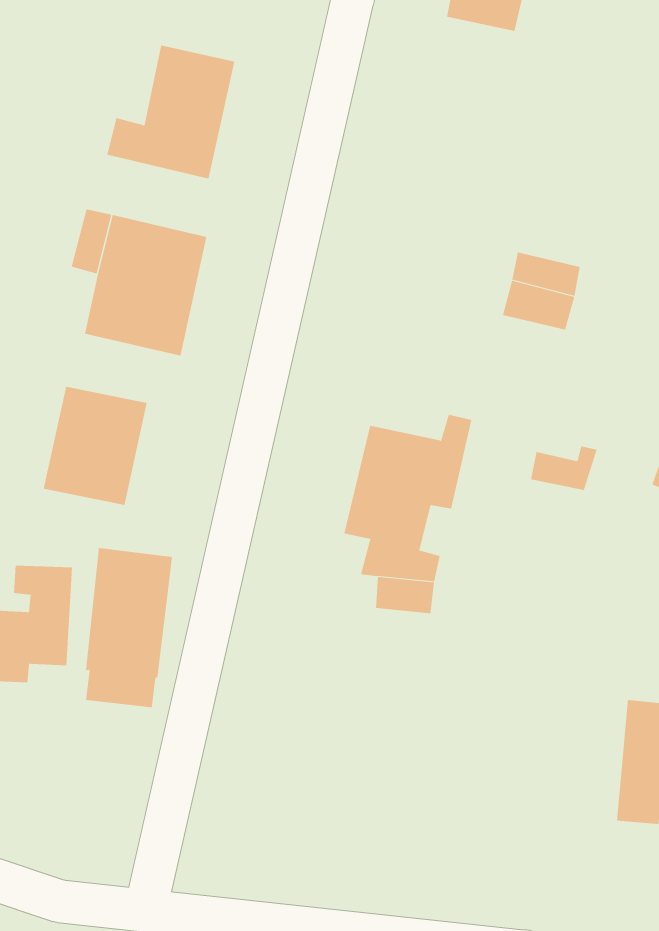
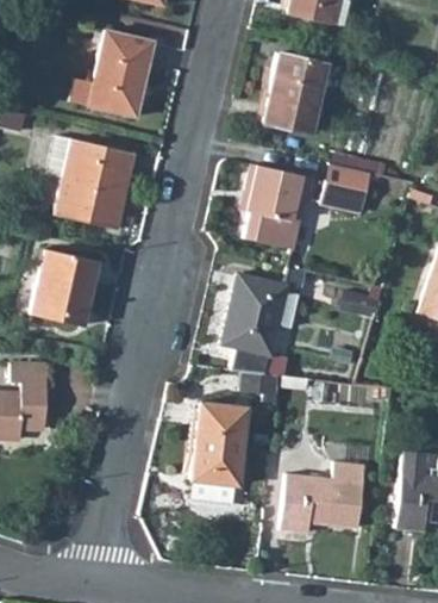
building: none -> [264,54,328,133]
building: none -> [248,164,318,249]
building: [85,547,173,708] -> [192,402,248,504]
building: none -> [281,462,367,533]

